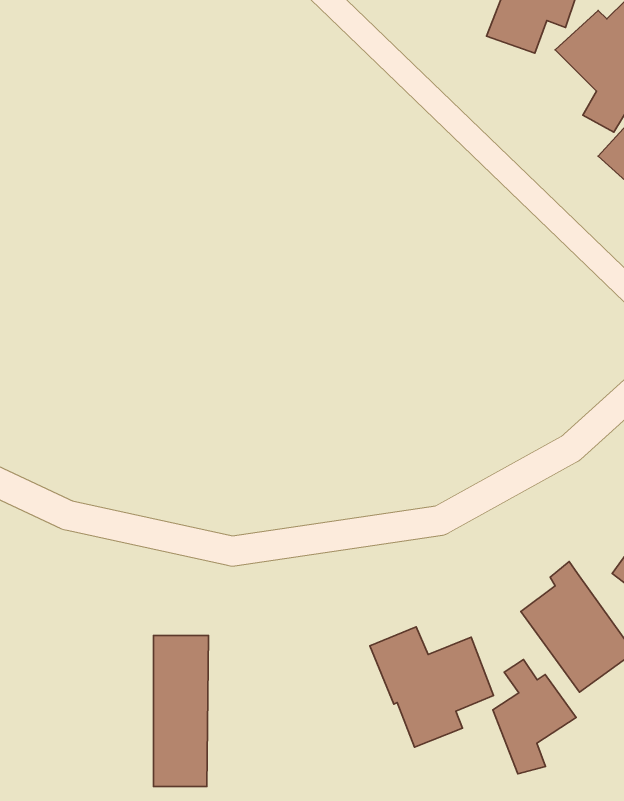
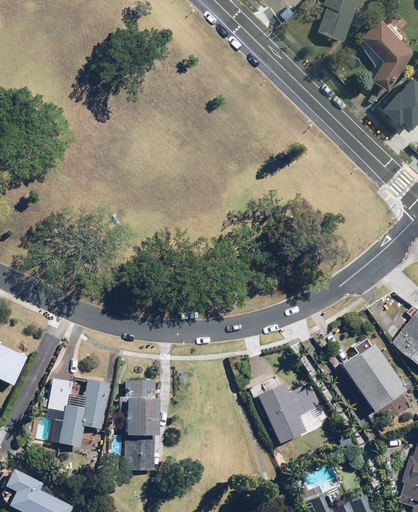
building: none -> [48,377,108,447]
building: [493,660,576,774] -> none

